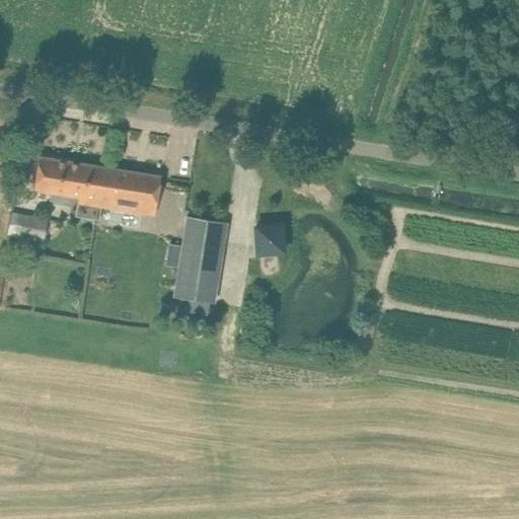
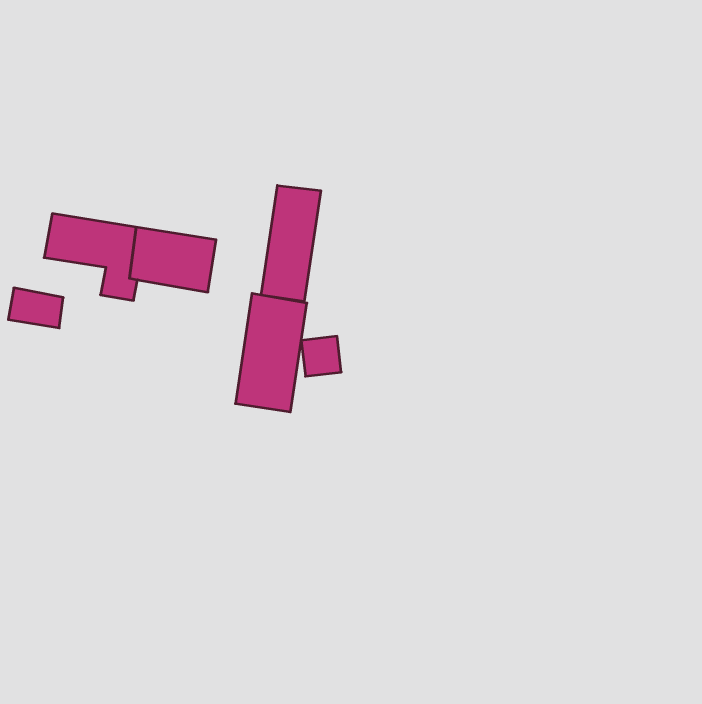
building: none -> [261,185,321,302]
building: [257,229,287,258] -> [301,336,341,376]

